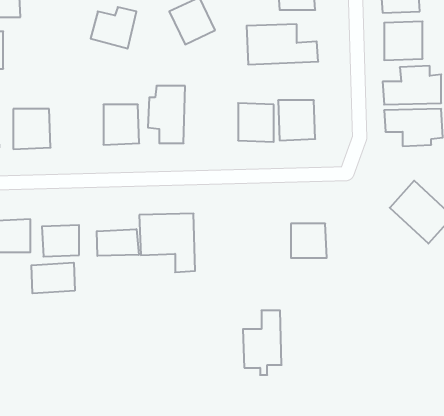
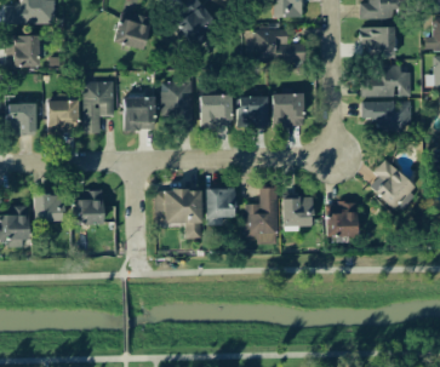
building: none -> [81,81,115,133]
building: none -> [200,94,232,128]
building: none -> [205,188,235,225]
building: [97,229,139,256] -> none
building: none -> [325,203,356,237]
building: [31,263,75,293] -> none
building: [243,310,282,375] -> [245,188,278,242]

